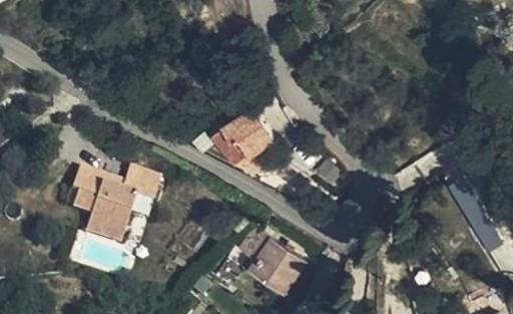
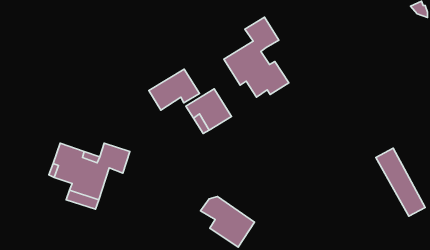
building: none -> [224,17,289,97]
building: none -> [149,69,199,110]

